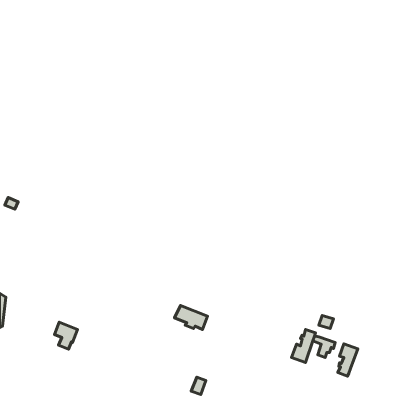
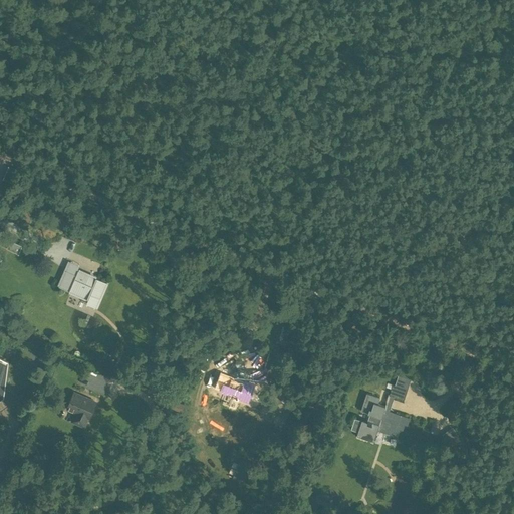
building: none -> [55,262,108,302]
building: [338,344,358,376] -> none

